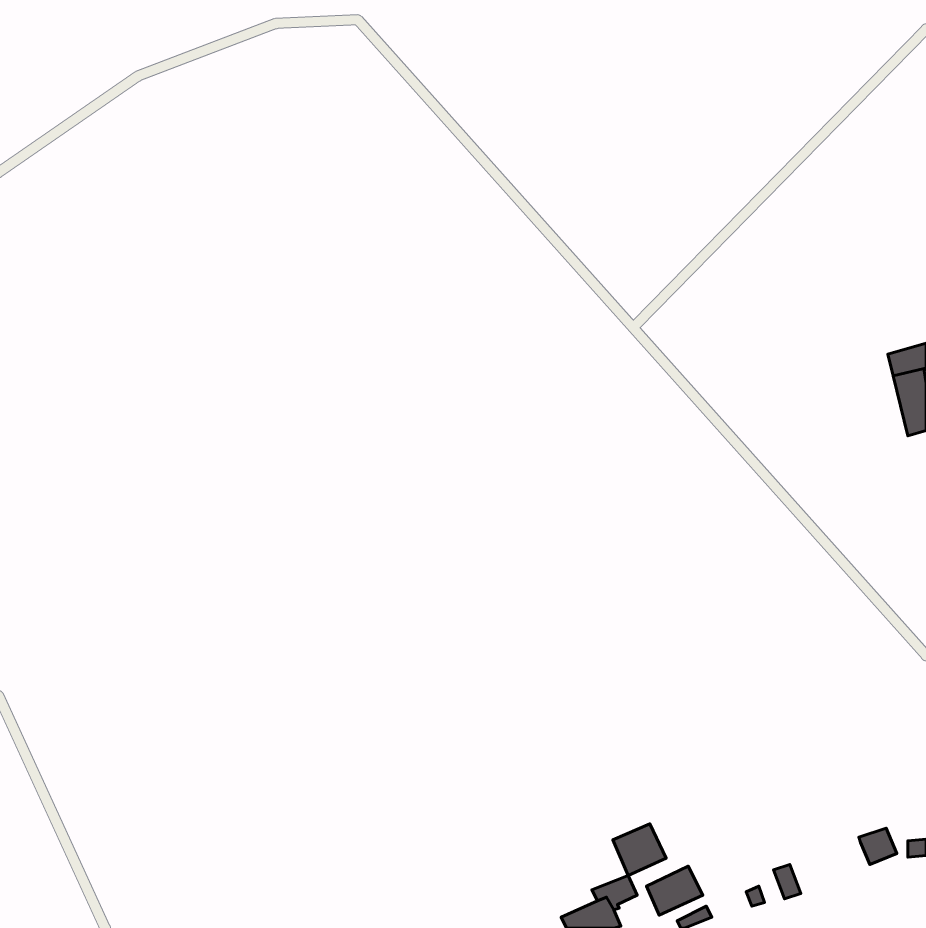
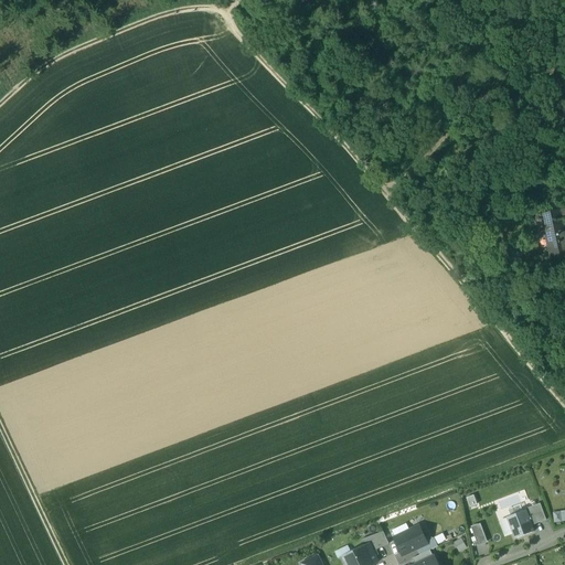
building: [613,824,666,876] -> none
building: none -> [505,512,531,540]

